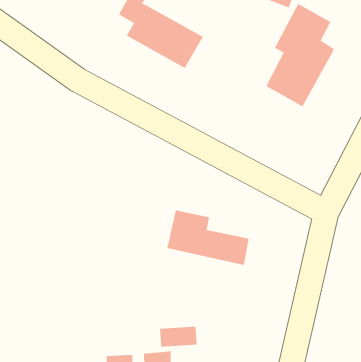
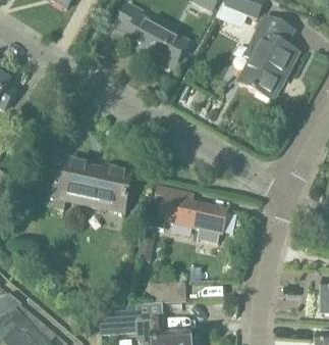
building: none -> [44,156,131,211]

